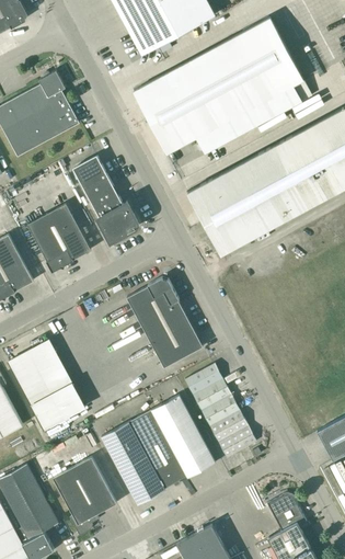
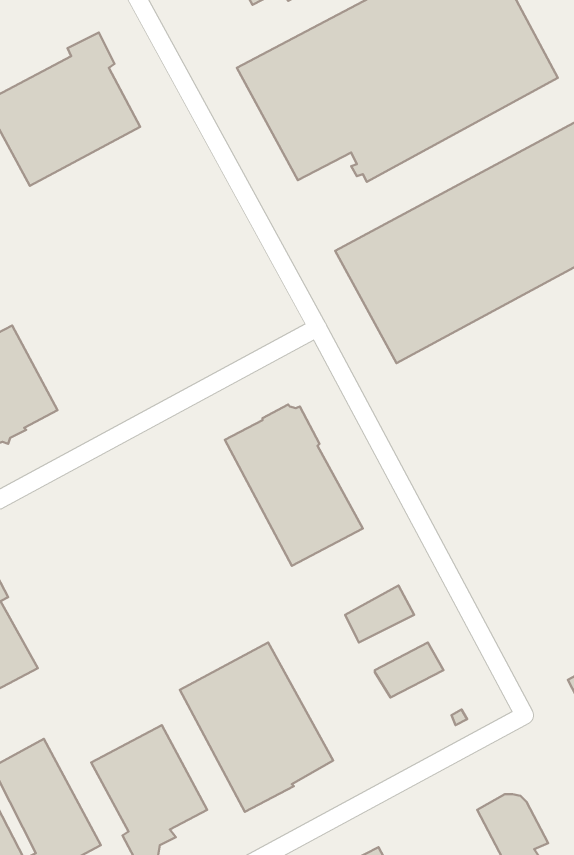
building: [72,156,137,241] -> none
building: [26,204,91,273] -> none
building: [8,343,85,438] -> none
building: [184,364,222,396] -> none
building: [150,396,215,479] -> none
building: [200,396,239,426] -> none
building: [218,426,256,458] -> none

